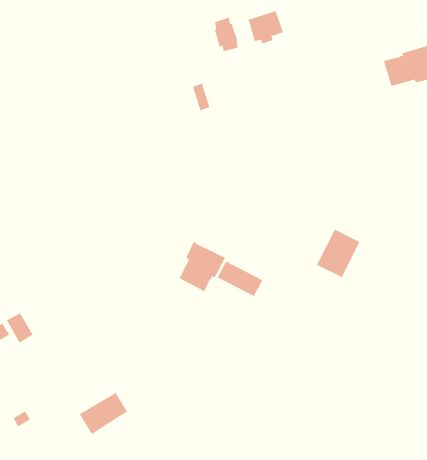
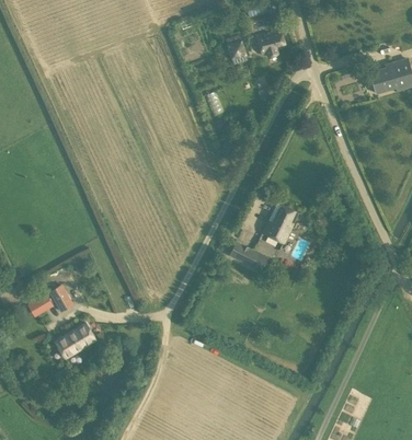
building: [316,229,360,278] -> [262,201,299,243]
building: [179,241,226,292] -> none
building: [79,392,128,435] -> [54,323,95,359]

